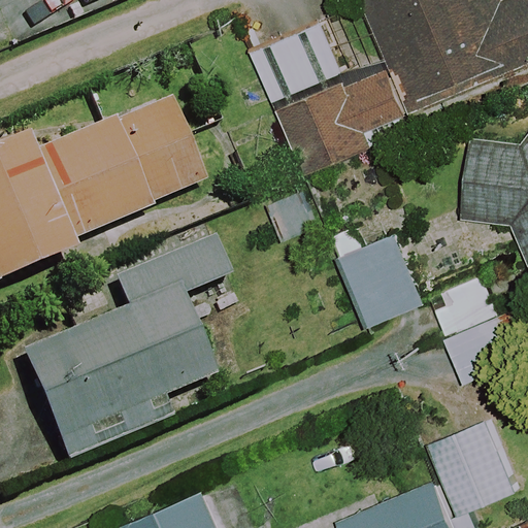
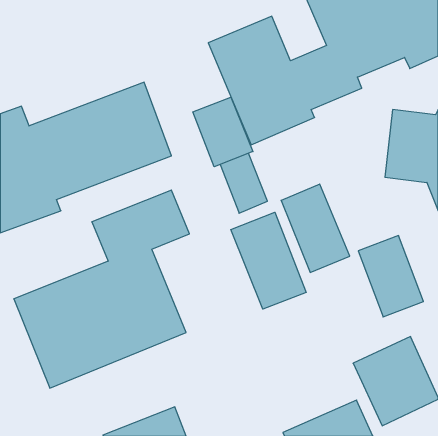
building: none -> [193,97,253,167]
building: none -> [231,212,306,309]

